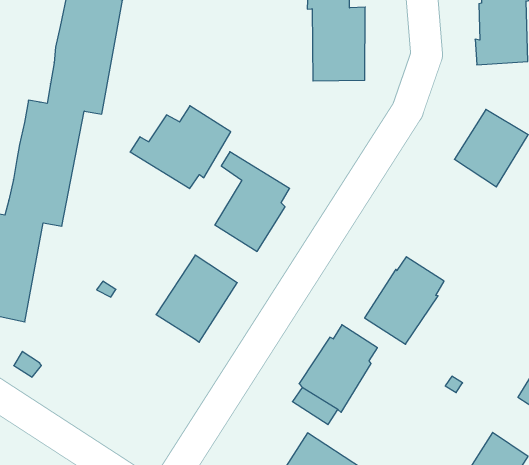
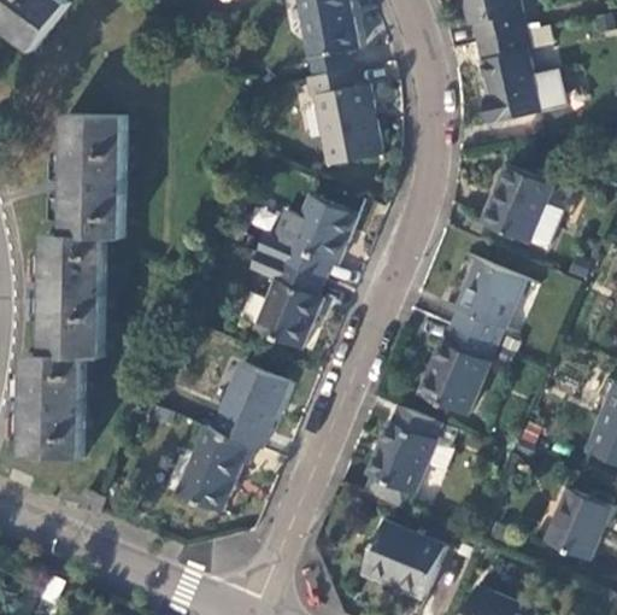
building: [130,106,231,189] -> [257,195,354,279]
building: none -> [452,259,524,345]
building: none -> [178,426,254,510]

